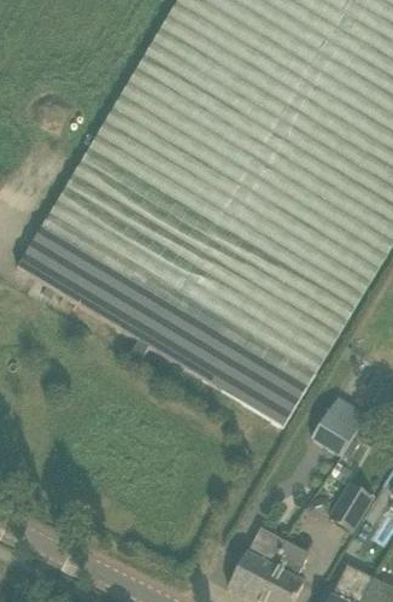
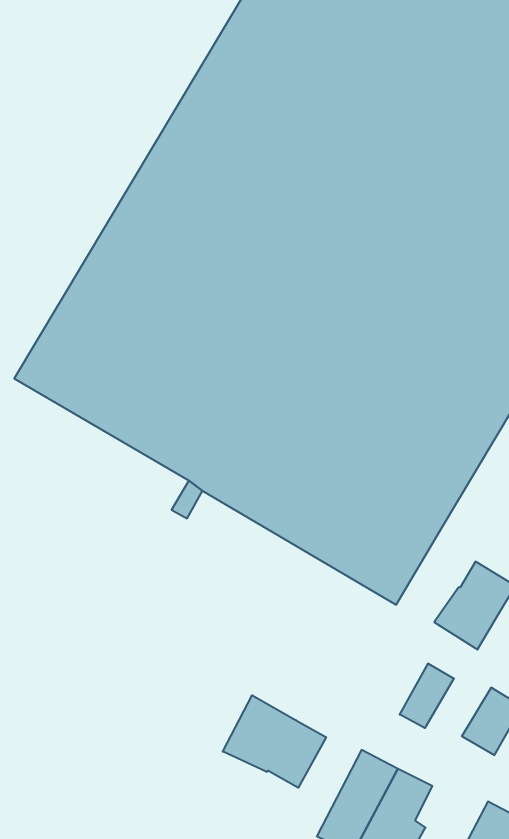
building: none -> [400,663,454,728]
building: none -> [223,695,326,788]

